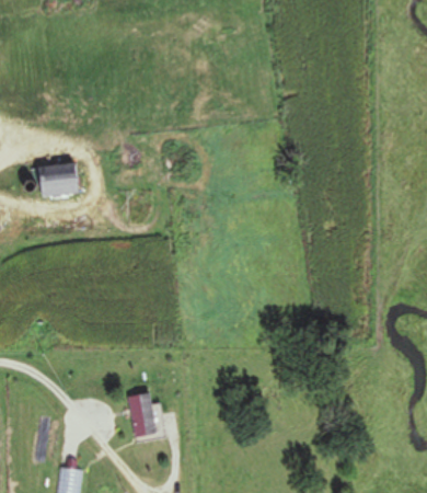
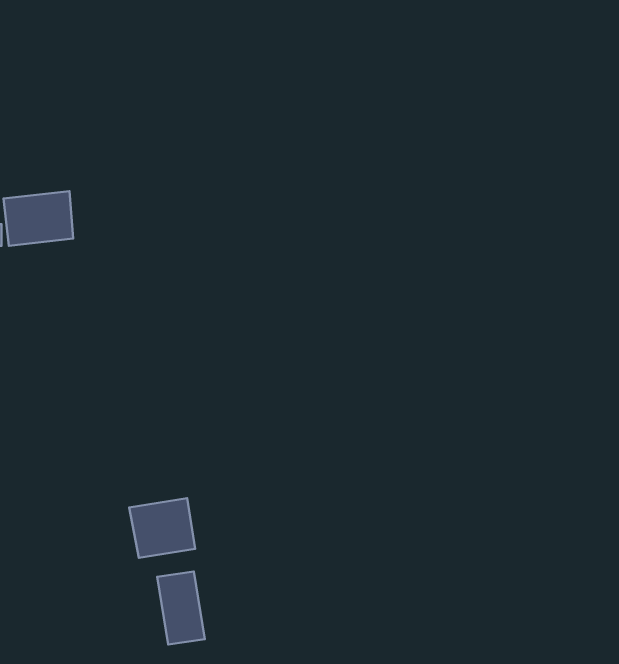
building: none -> [129,498,195,558]

